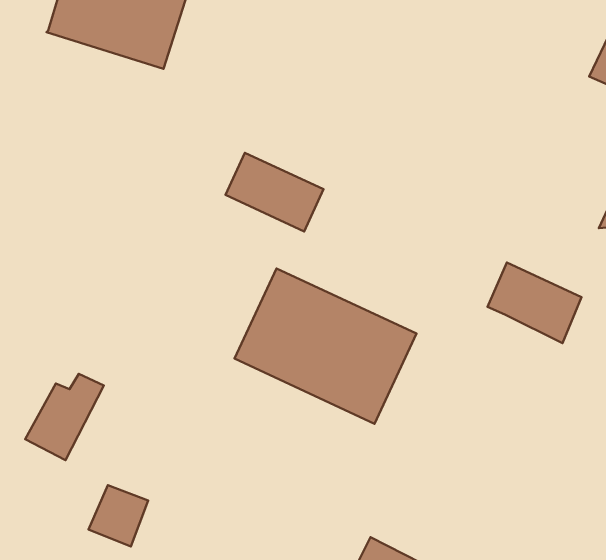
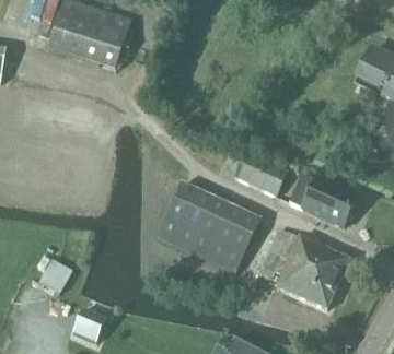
building: [226,153,323,231] -> [231,149,287,193]
building: none -> [257,231,348,308]

